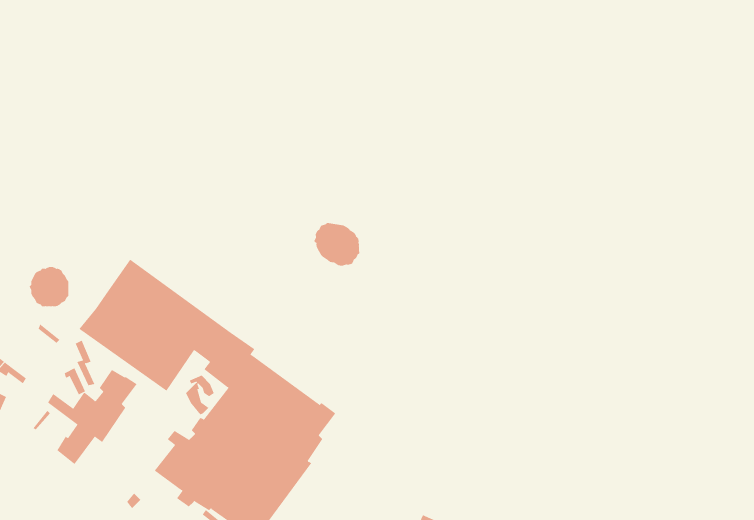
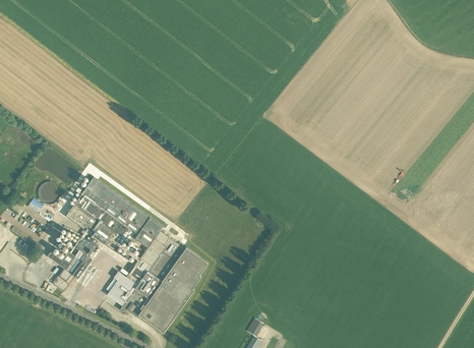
building: [314,222,360,266] -> none

